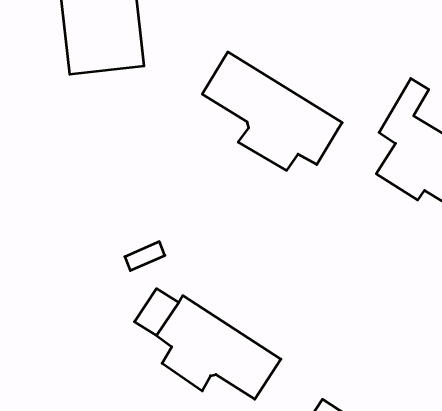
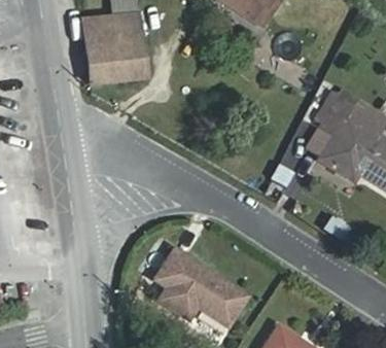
building: [202,52,342,170] -> none

